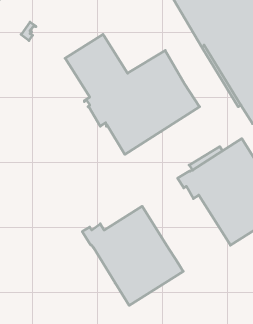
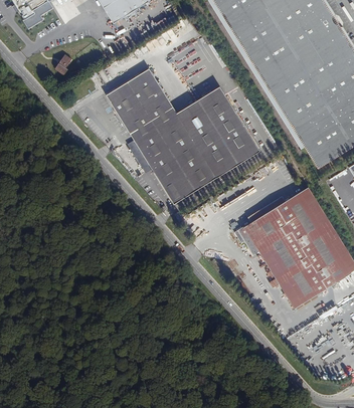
building: [82,206,183,305] -> none

